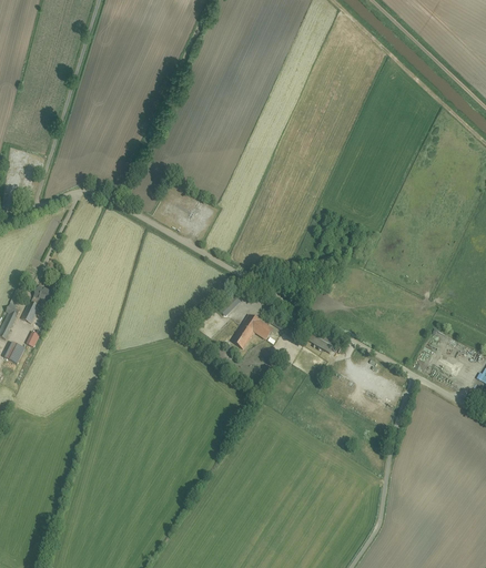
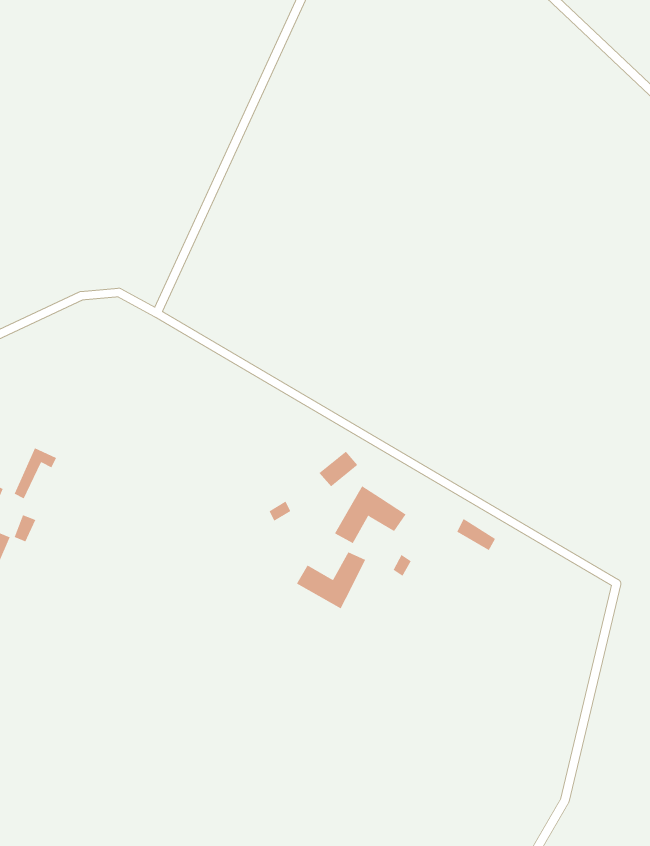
building: none -> [296,551,366,609]

